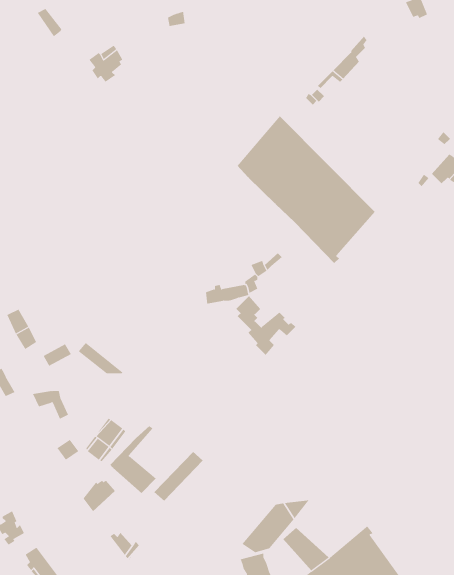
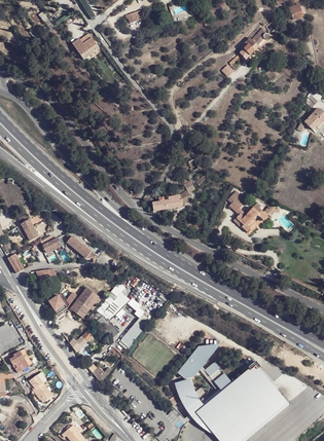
building: [237,116,376,264] -> none
building: [235,295,296,356] -> [226,191,267,232]

